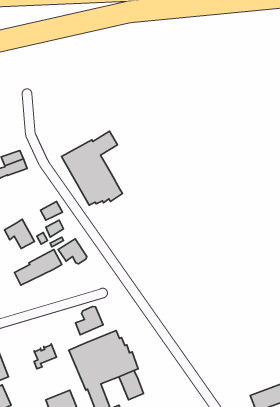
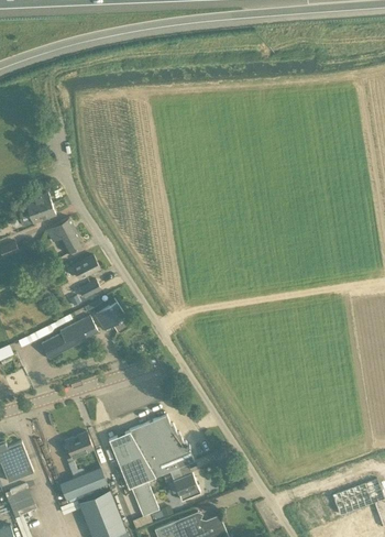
building: [62,131,123,205] -> none
building: [4,219,35,249] -> [46,217,84,253]
building: [76,307,103,335] -> none
building: none -> [59,467,107,500]

